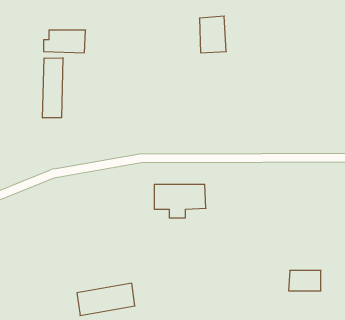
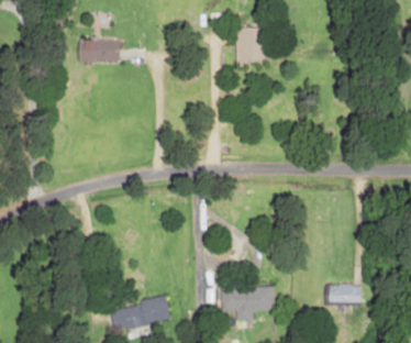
building: [43,58,63,118] -> none
building: [154,184,206,218] -> [221,286,274,320]

